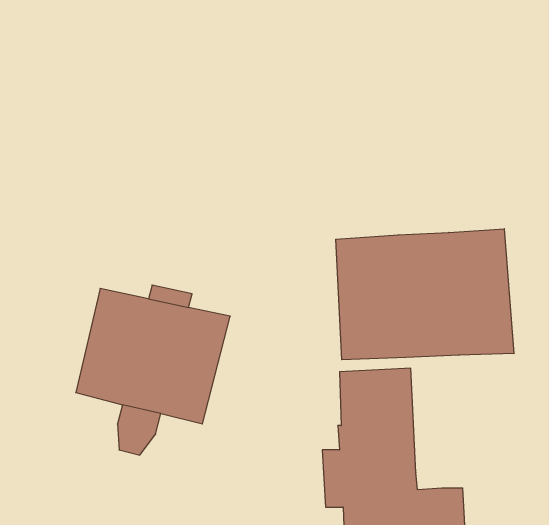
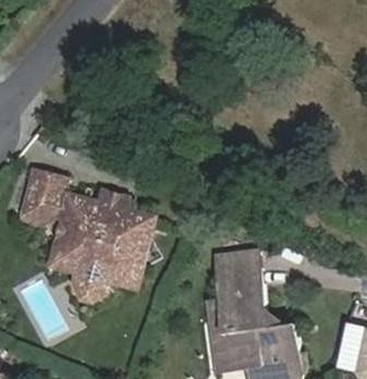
building: [336,229,514,360] -> none
building: none -> [20,172,66,229]

